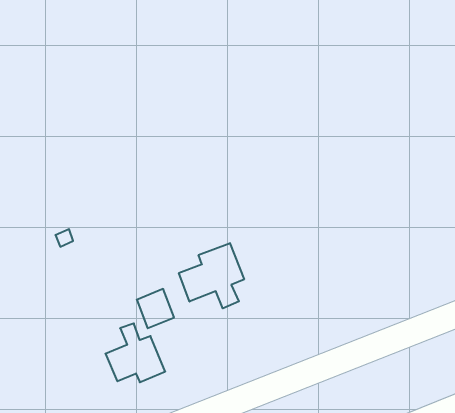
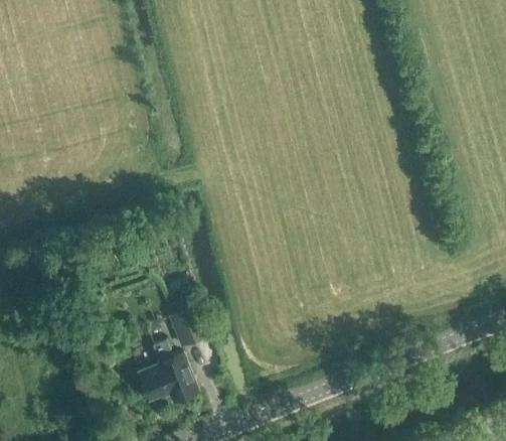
building: [179,243,244,308] -> none

